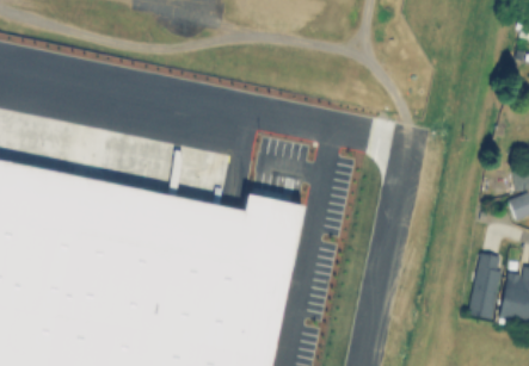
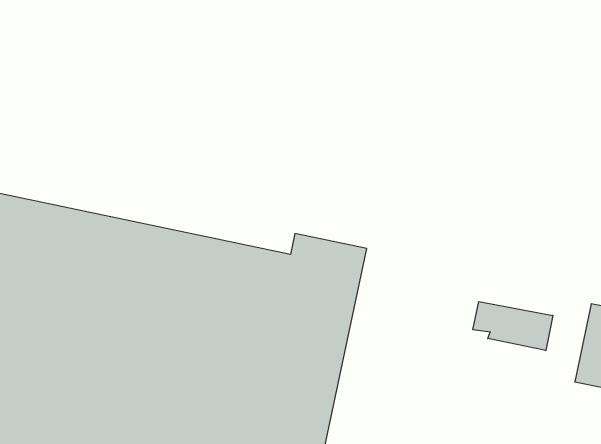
building: none -> [473,302,553,351]

